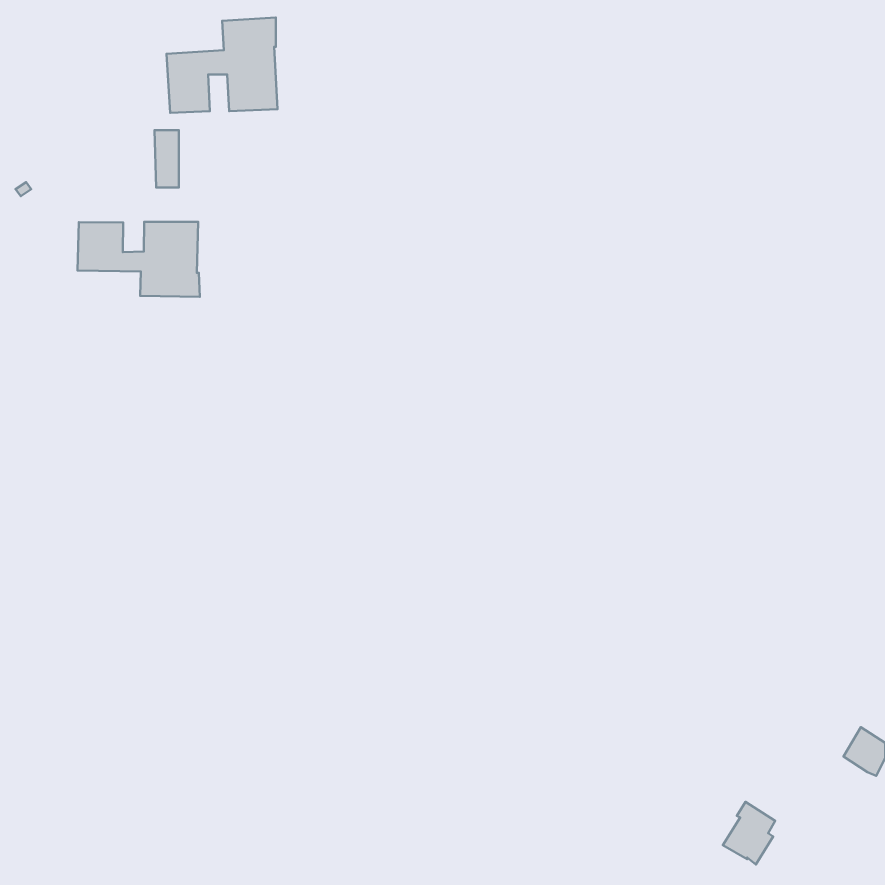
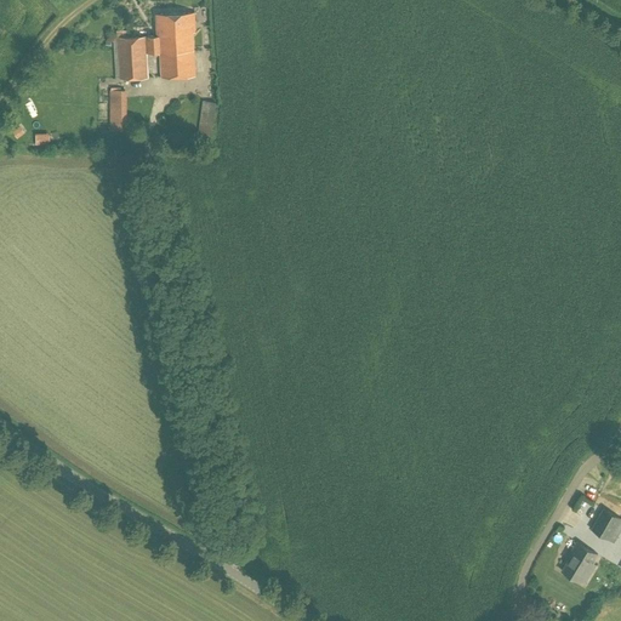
building: [77,222,200,297] -> none
building: [723,802,775,864] -> [560,542,597,586]

